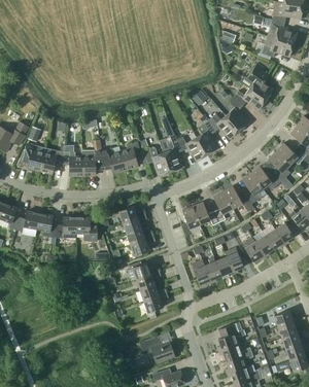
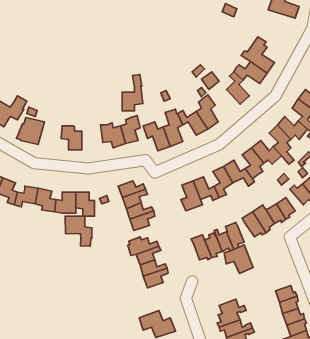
building: [261,36,294,58] -> none
building: [207,113,239,139] -> none
building: [82,139,103,175] -> [122,75,143,111]
building: [39,147,63,173] -> none
building: none -> [65,216,92,246]
building: none -> [224,245,253,274]

